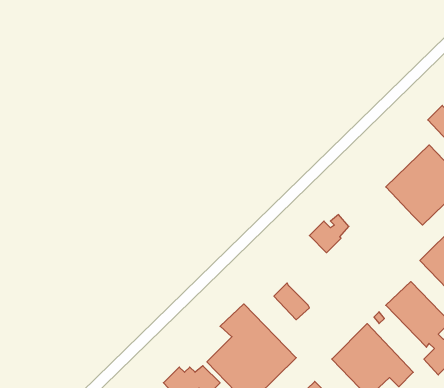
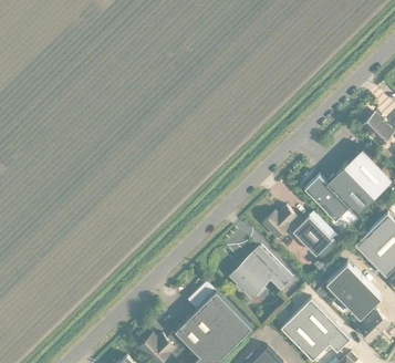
building: none -> [304,176,350,222]
building: none -> [293,217,332,256]
building: none -> [245,248,292,292]

